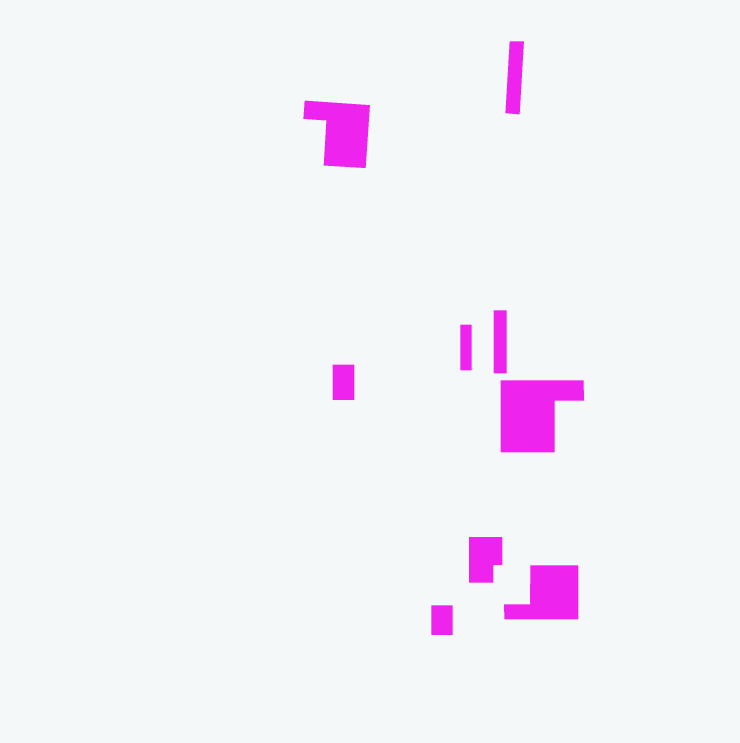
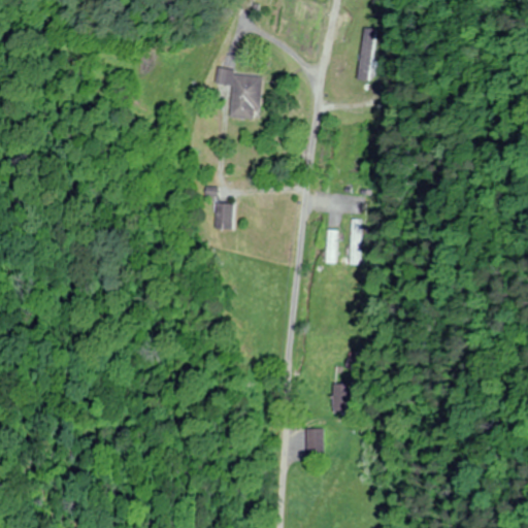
building: [332,364,355,401] -> [216,203,232,229]
building: [500,379,585,453] -> none
building: [503,564,579,620] -> none

